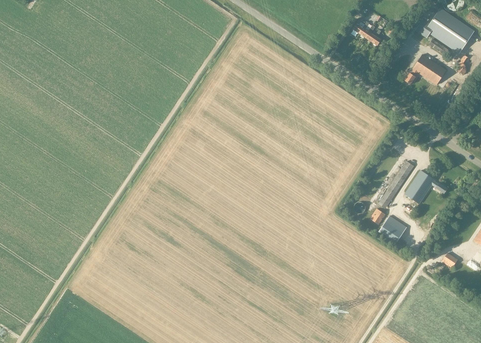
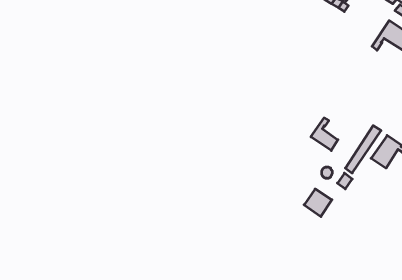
building: none -> [311,118,338,151]
building: [379,215,407,243] -> [304,189,332,217]

